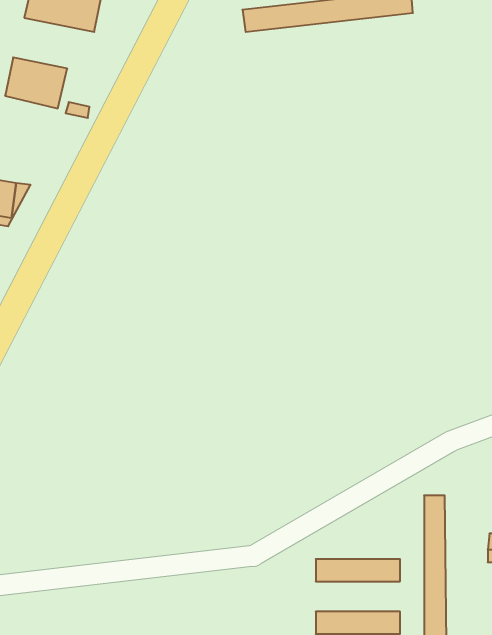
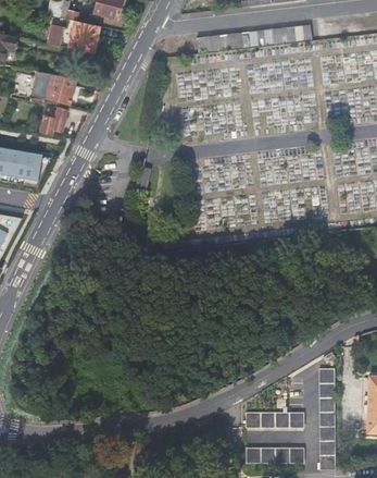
building: none -> [40,107,67,134]

